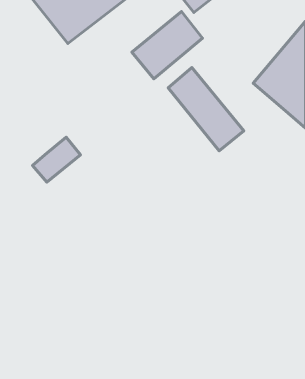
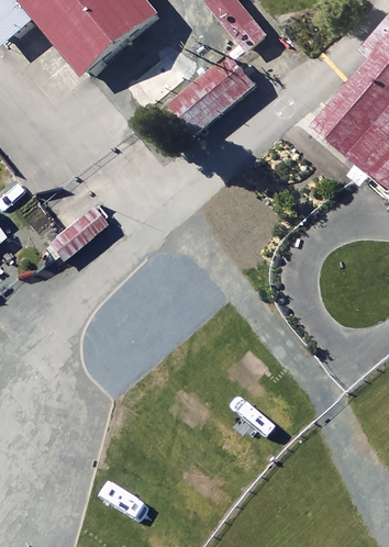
building: [168,68,244,151] -> none

